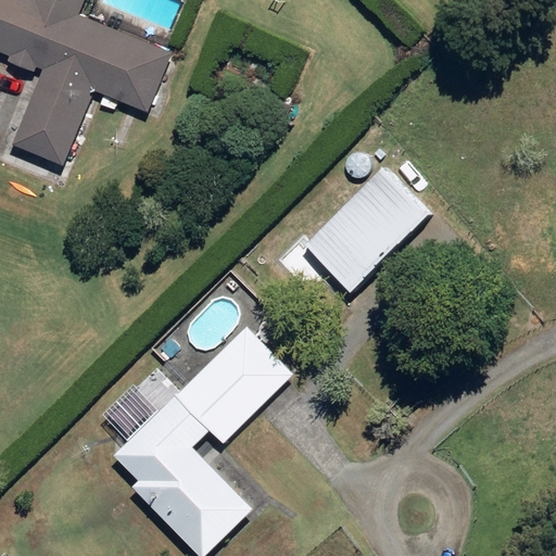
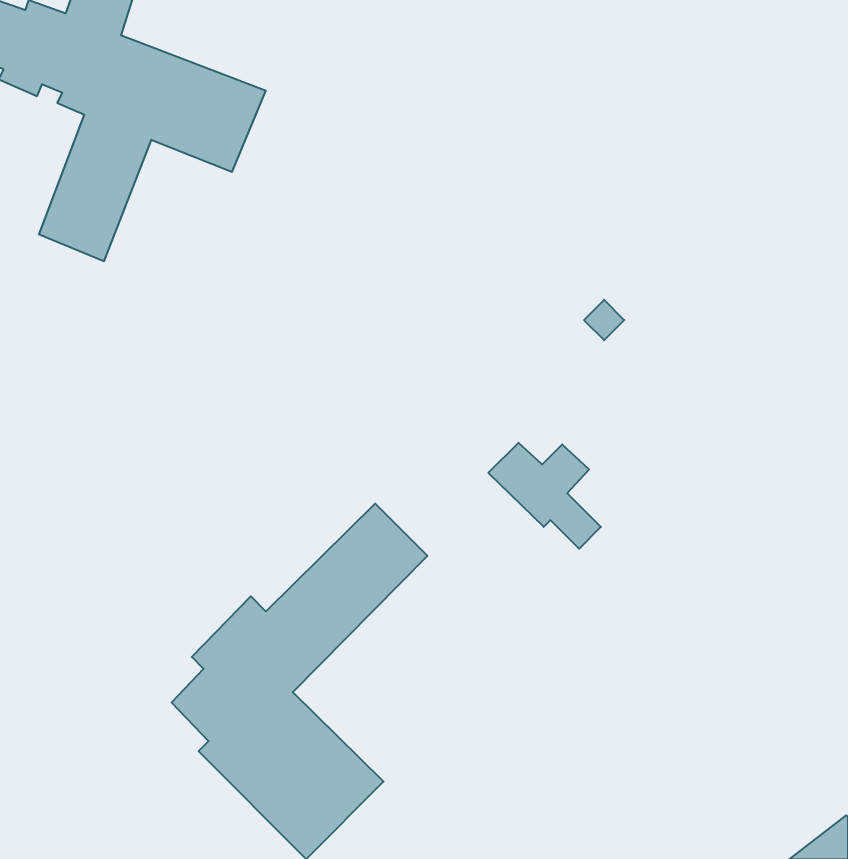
building: [317,216,390,285] -> [488,443,601,549]

